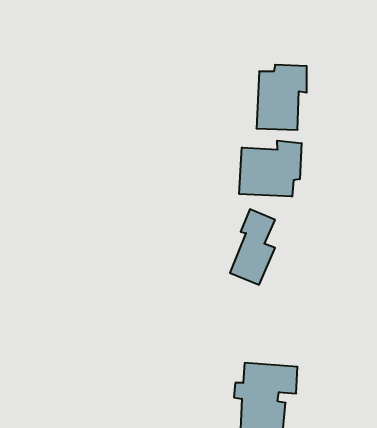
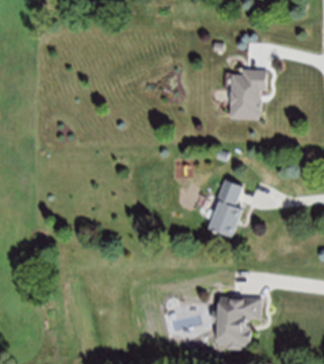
building: [239,141,302,197] -> none

